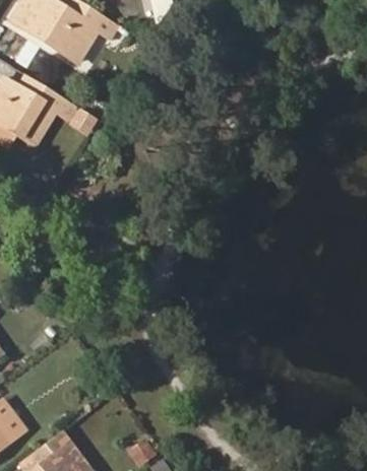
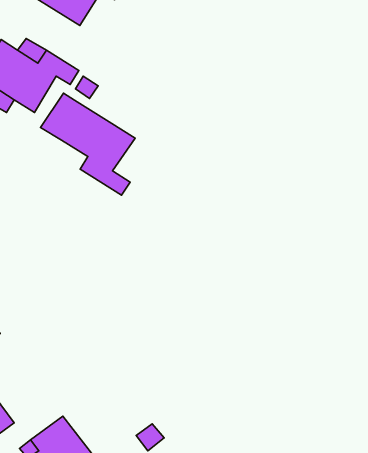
building: none -> [40,93,135,195]

